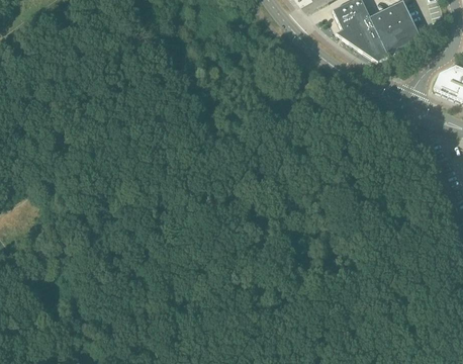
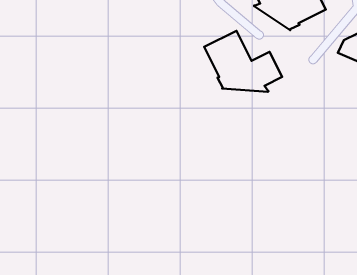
building: none -> [204,31,282,92]

